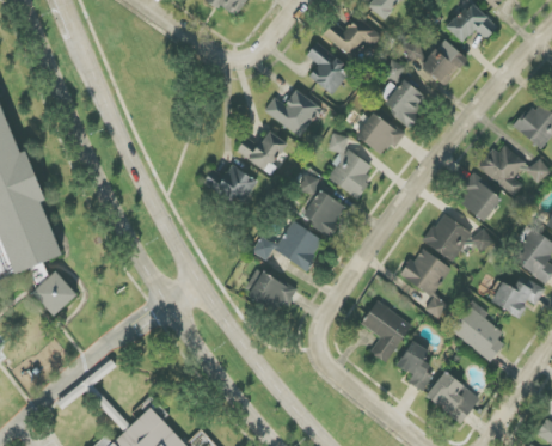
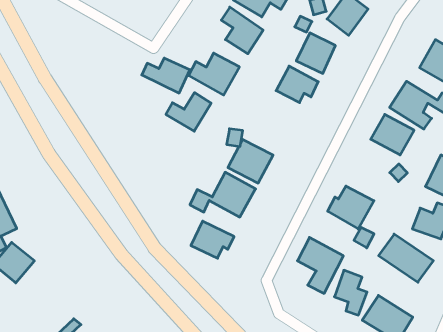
building: [325,132,374,196] -> none
building: [204,164,257,203] -> [142,58,190,93]
building: [423,213,471,261] -> none

